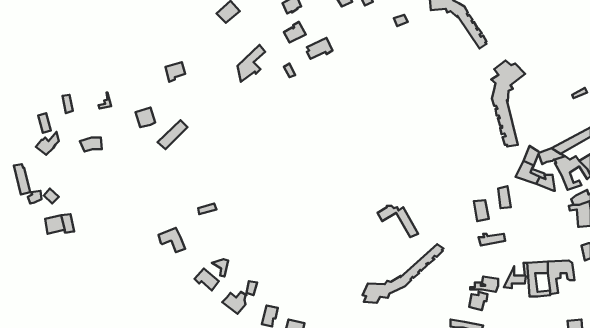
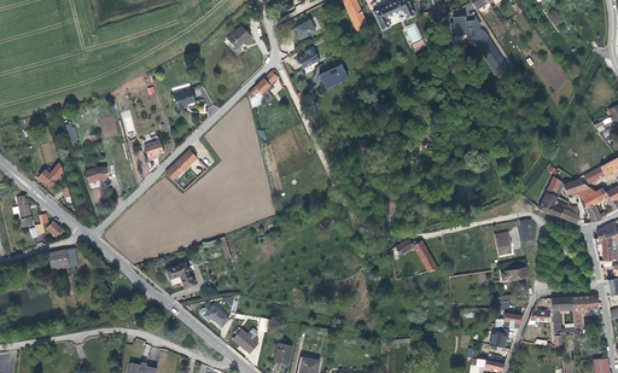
building: [491,61,525,147] -> none
building: [362,244,444,303] -> none

